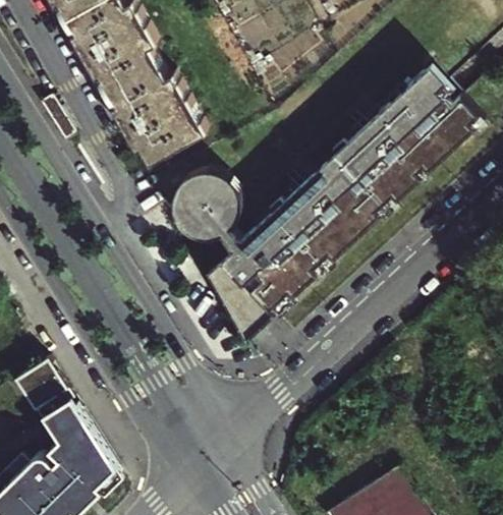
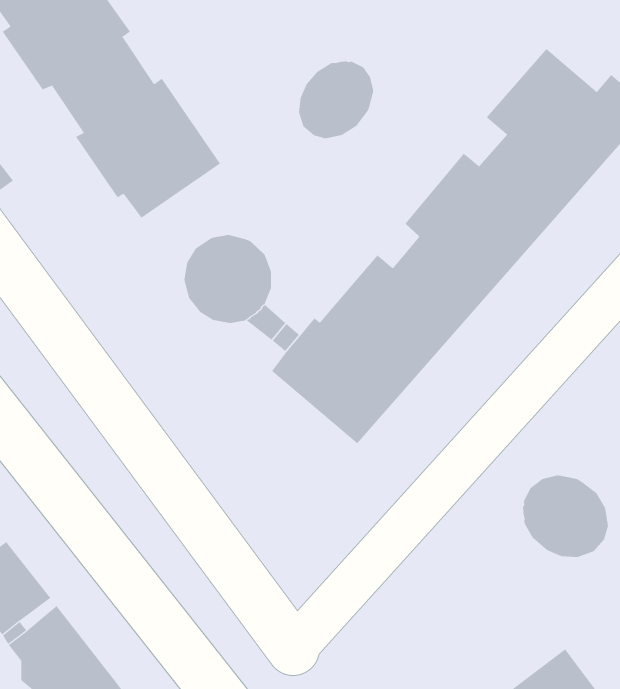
building: none -> [298,60,374,139]
building: [207,264,272,343] -> none
building: none -> [522,474,609,558]

